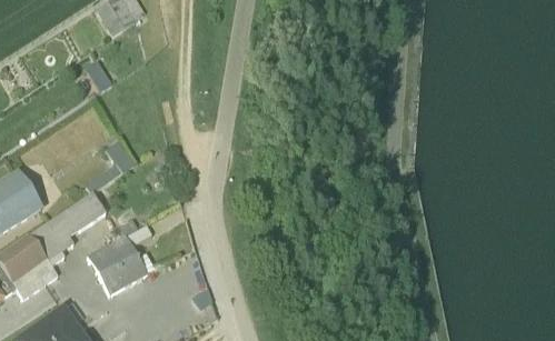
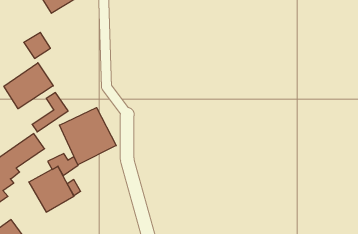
building: none -> [4,63,53,109]
building: none -> [59,108,116,165]

